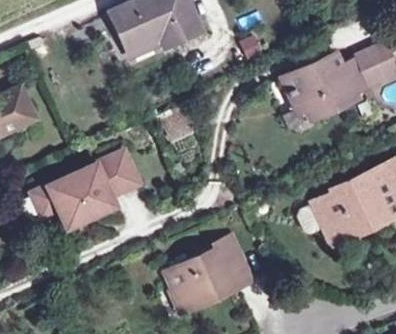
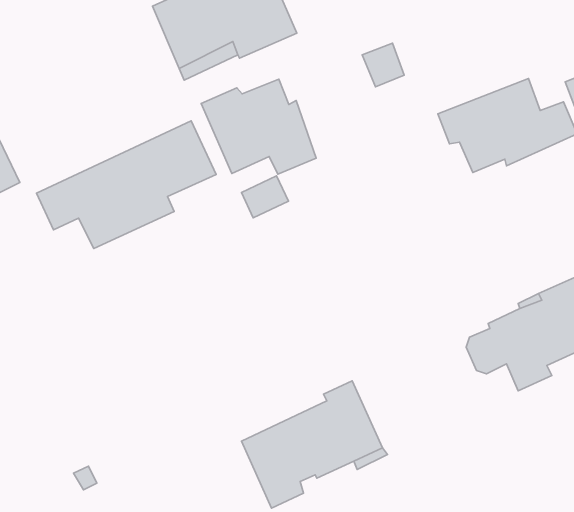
building: none -> [201,79,316,174]
building: [32,151,139,227] -> [37,121,216,248]

